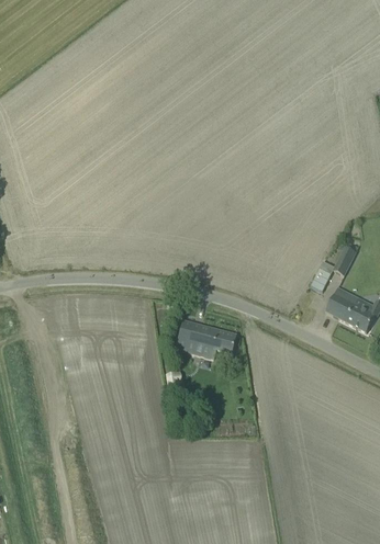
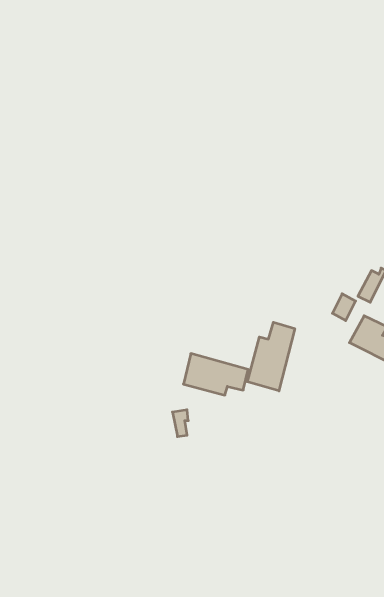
building: none -> [247,322,295,391]

